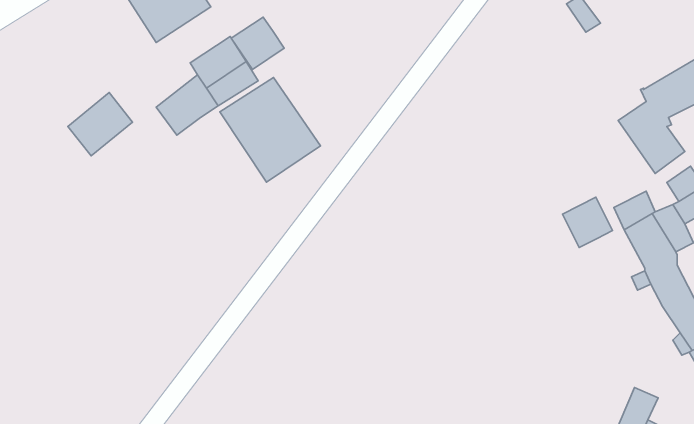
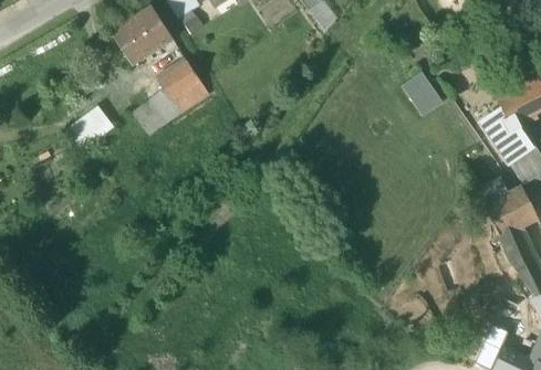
building: [231,17,284,69] -> none
building: none -> [402,72,444,116]
building: [220,77,321,182] -> none
building: [563,197,613,247] -> none

